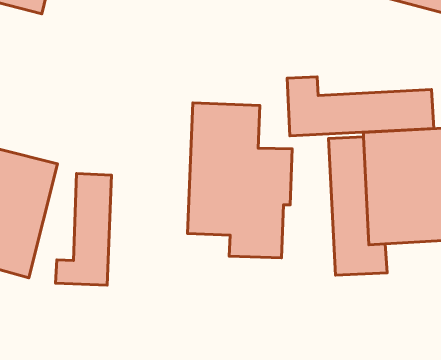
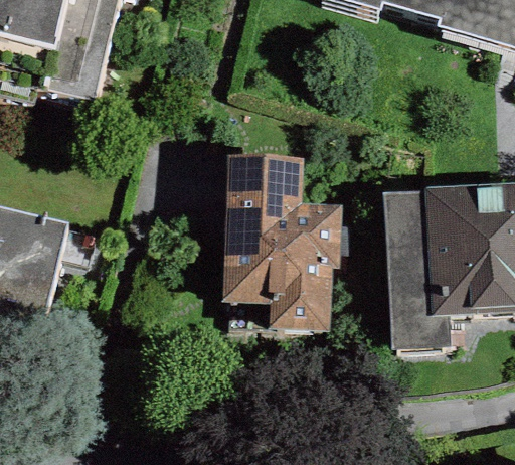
building: [287,77,434,136] -> none
building: [56,174,112,285] -> none

